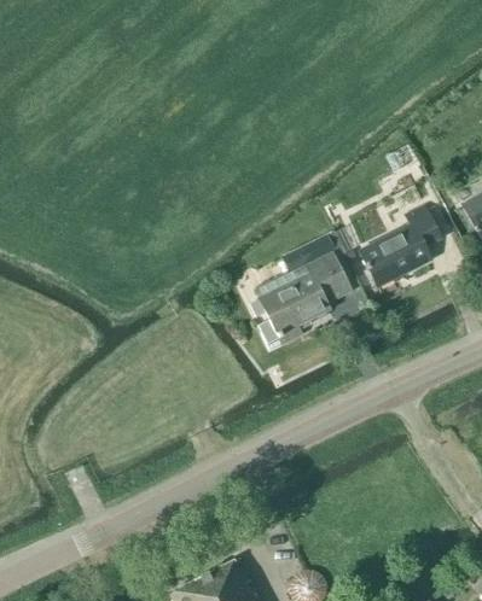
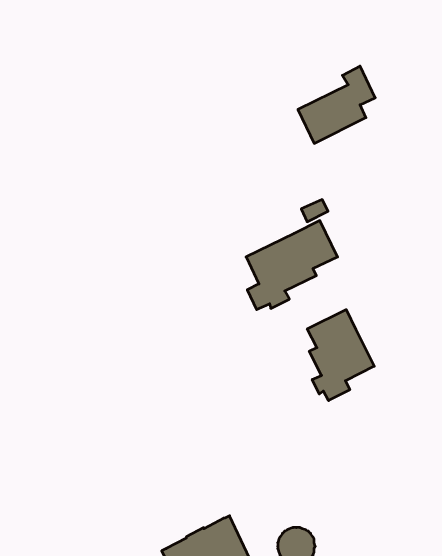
building: [360,206,440,286] -> [298,66,375,143]
building: none -> [307,310,374,401]

